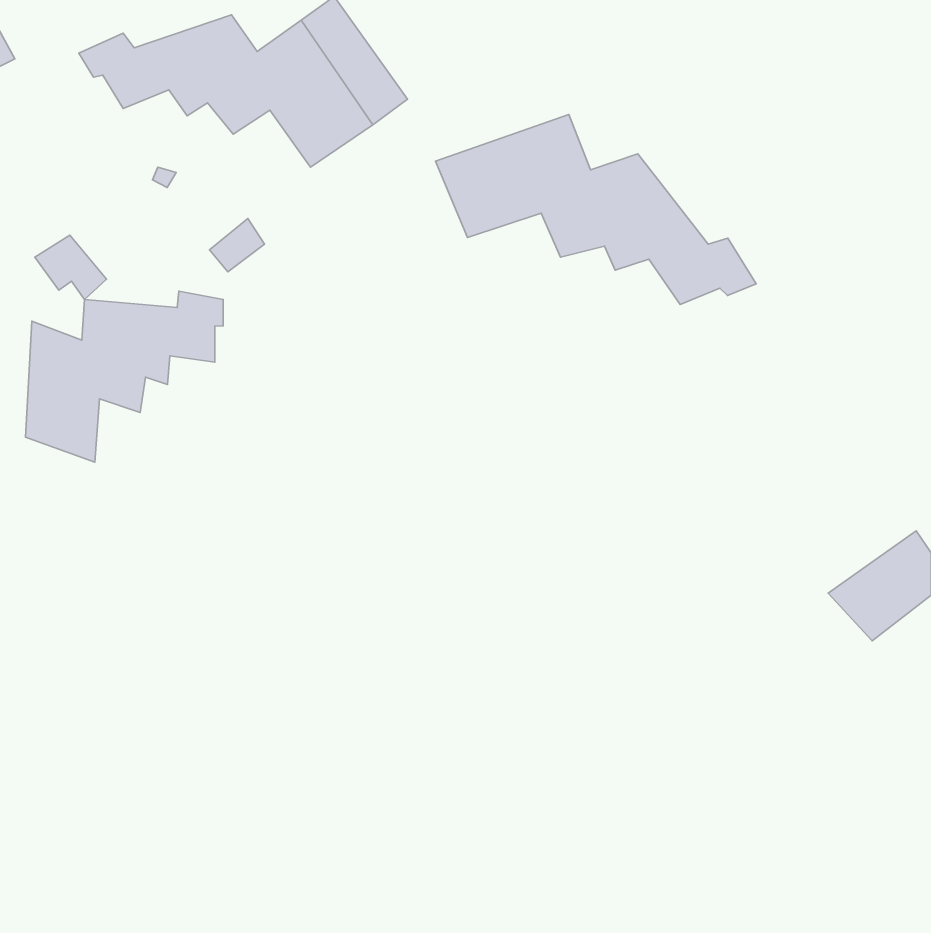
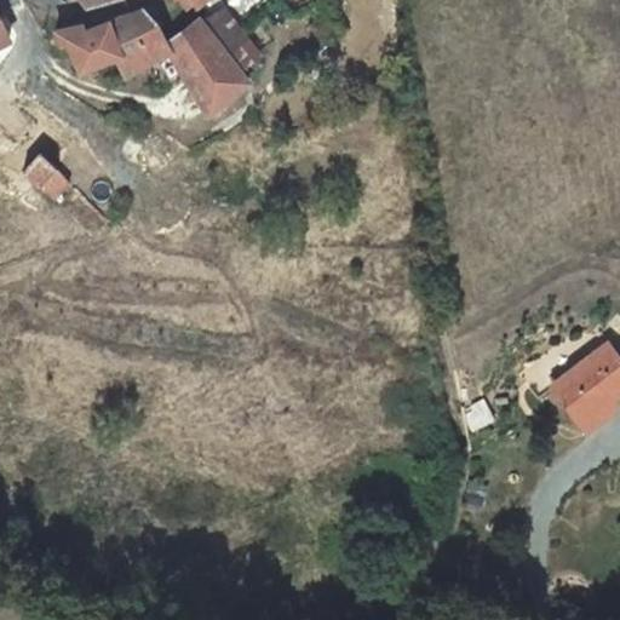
building: [436,114,756,304] -> none
building: [25,291,223,462] -> none

